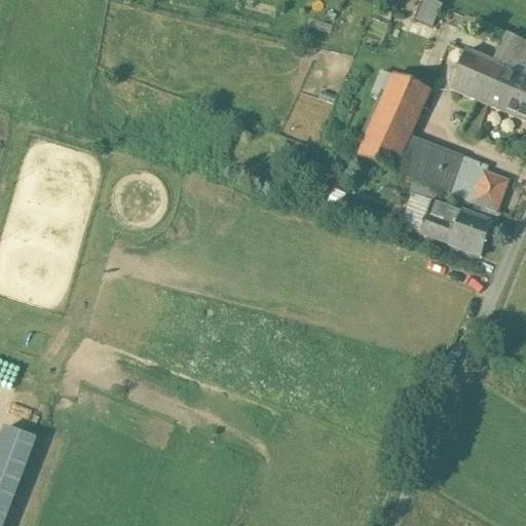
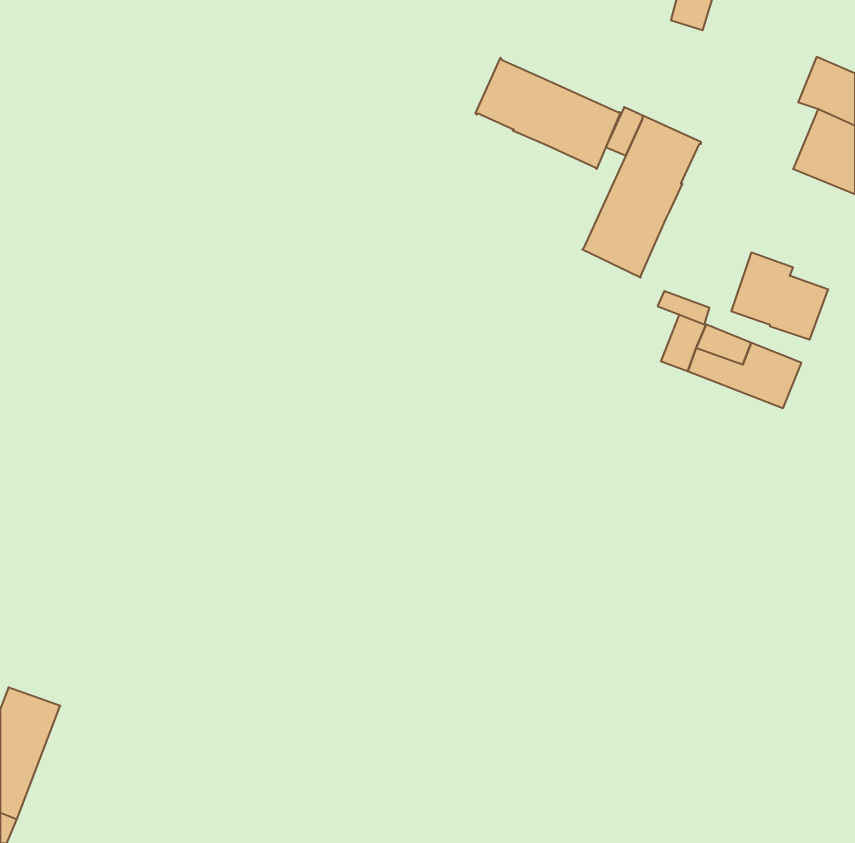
building: none -> [476,58,620,169]
building: [448,50,502,104] -> none
building: [393,135,461,191] -> none

